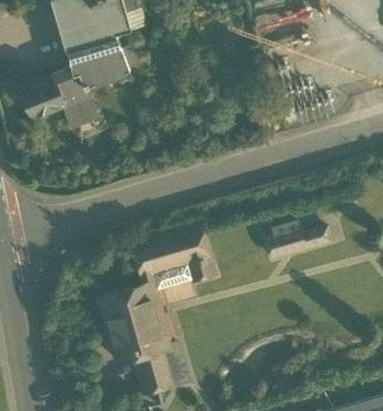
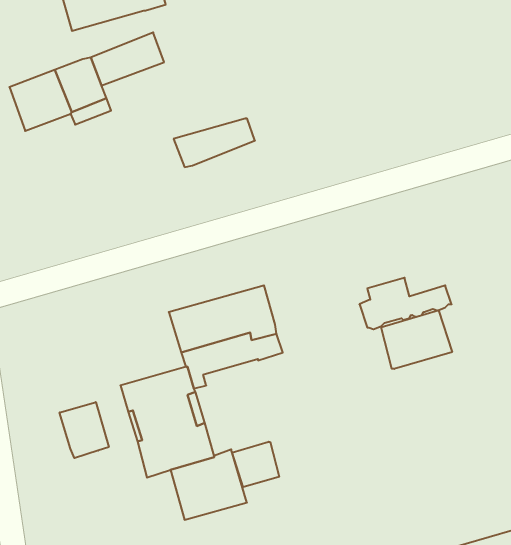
building: [65,35,121,69] -> [174,119,255,167]
building: none -> [381,310,452,369]
building: none -> [60,402,109,458]
building: none -> [232,442,279,487]

